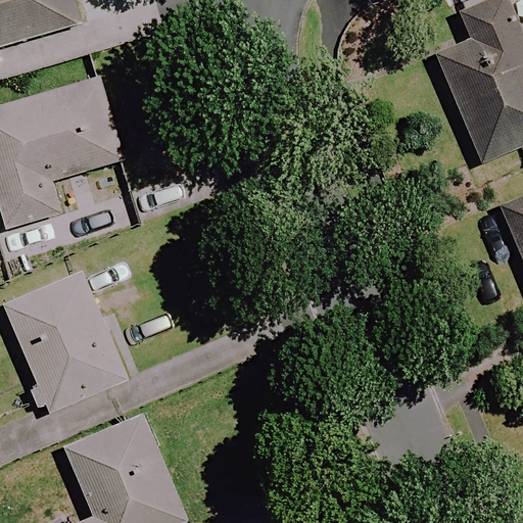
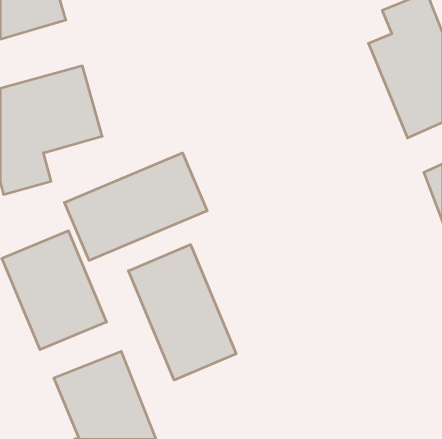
building: none -> [64,153,207,260]
building: none -> [128,245,236,380]

